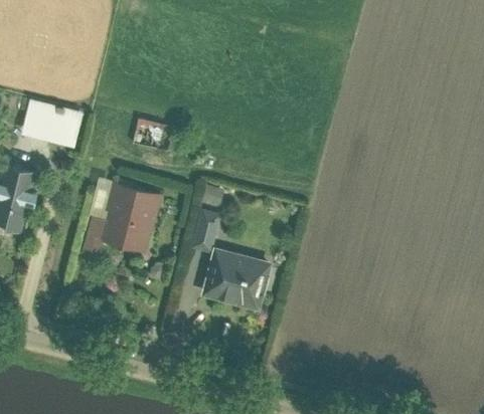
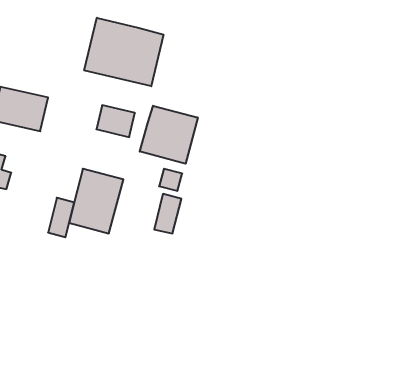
building: none -> [84,18,163,86]
building: none -> [140,106,198,164]
building: [201,248,271,310] -> none

